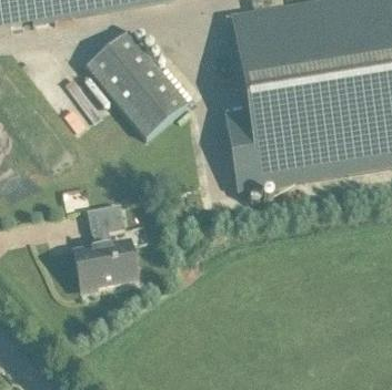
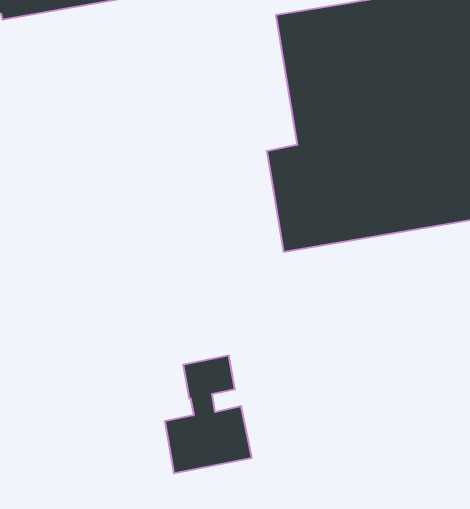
building: [73,25,185,138] -> none
building: [74,204,138,289] -> [165,356,252,473]

